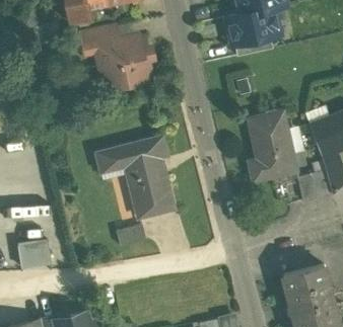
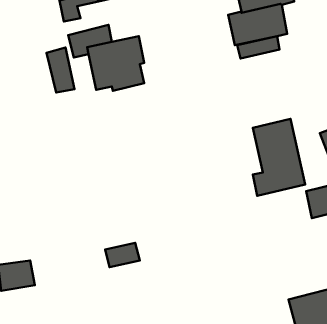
building: none -> [47,48,75,93]
building: [95,136,174,217] -> none

